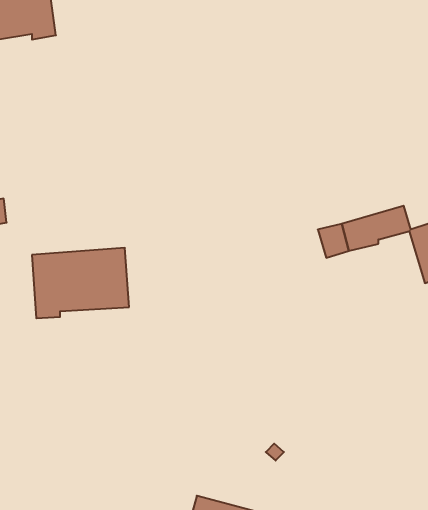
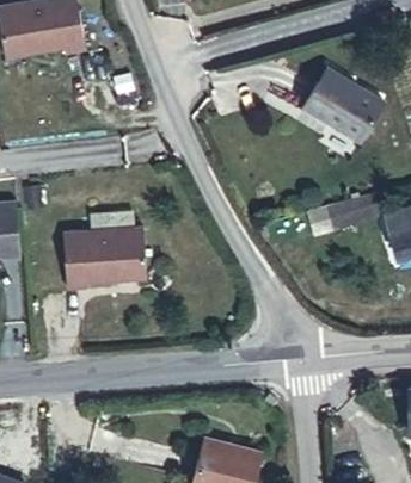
building: none -> [302,68,382,141]

